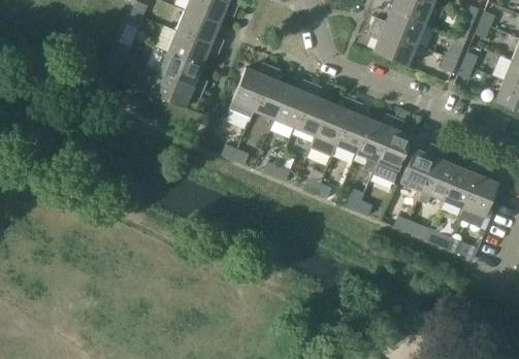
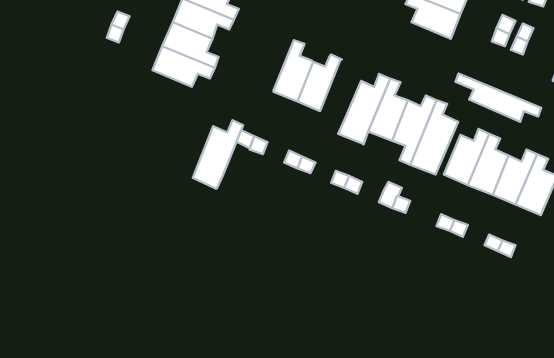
building: [228,63,271,122] -> [193,120,243,189]
building: [294,84,329,136] -> none
building: none -> [455,73,541,122]

